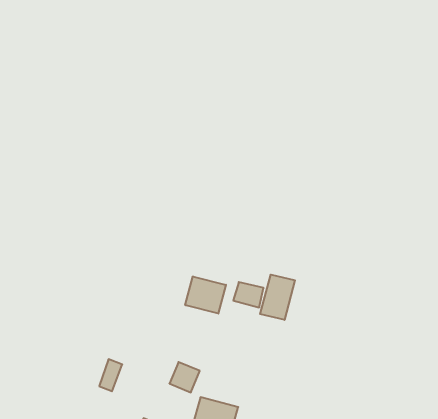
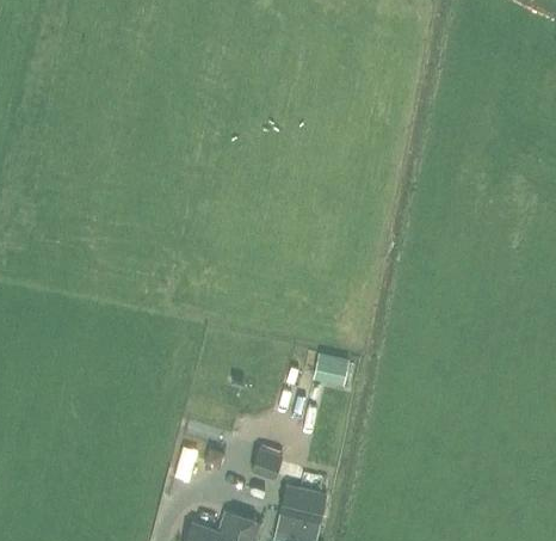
building: [260,275,295,320] -> none
building: [185,276,226,314] -> none

